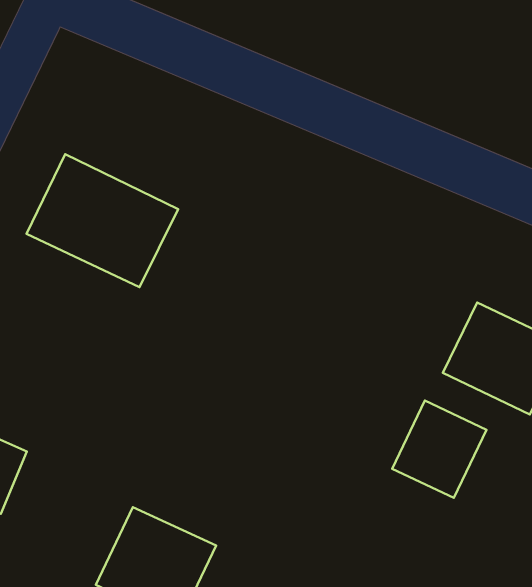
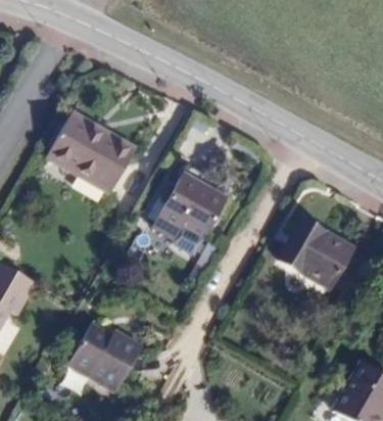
building: none -> [152,172,227,250]
building: [392,401,486,498] -> none

